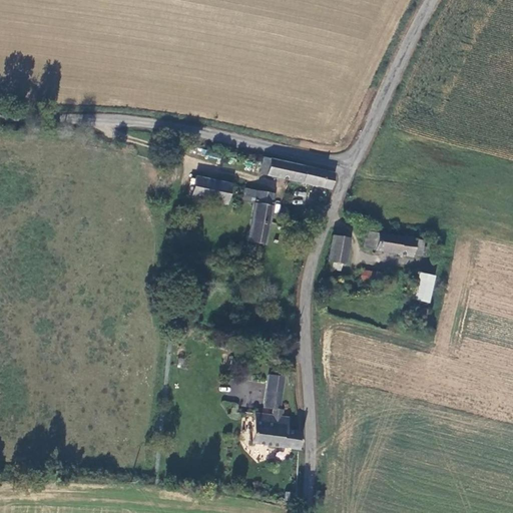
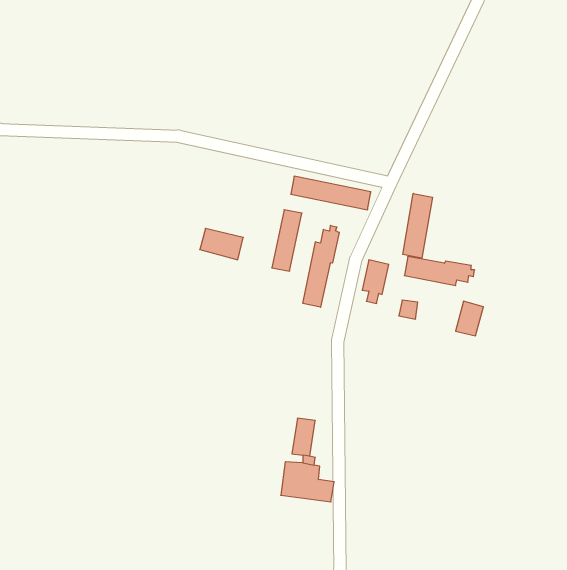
building: none -> [403,193,432,258]
building: [193,177,232,205] -> [200,228,243,260]
building: none -> [303,225,339,307]

